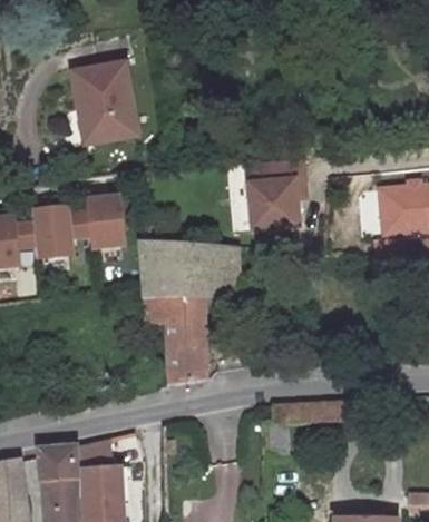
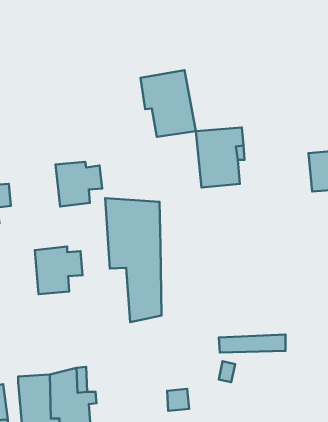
building: [72,62,137,140] -> [141,70,196,137]
building: [28,206,84,262] -> [35,247,82,294]
building: [203,244,236,295] -> none

